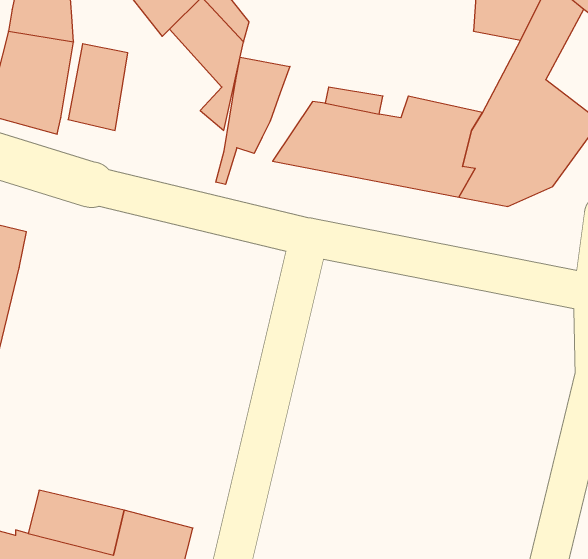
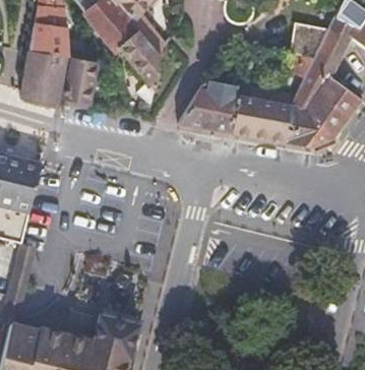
building: [216,57,290,184] -> none

